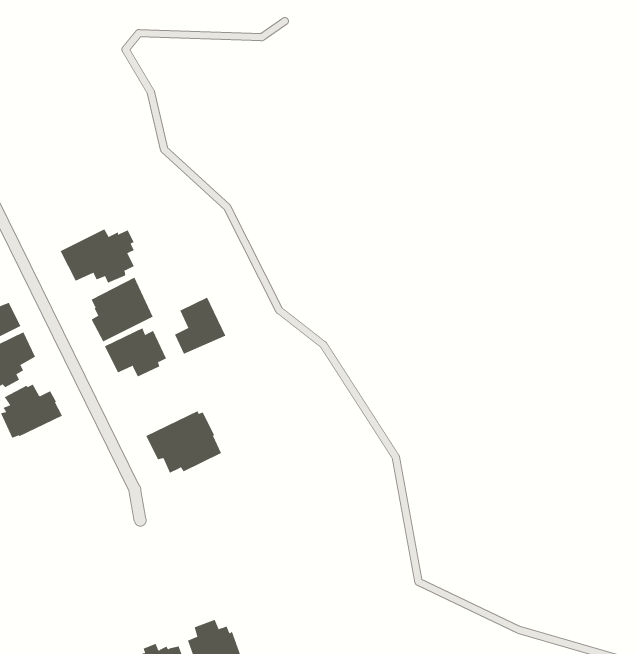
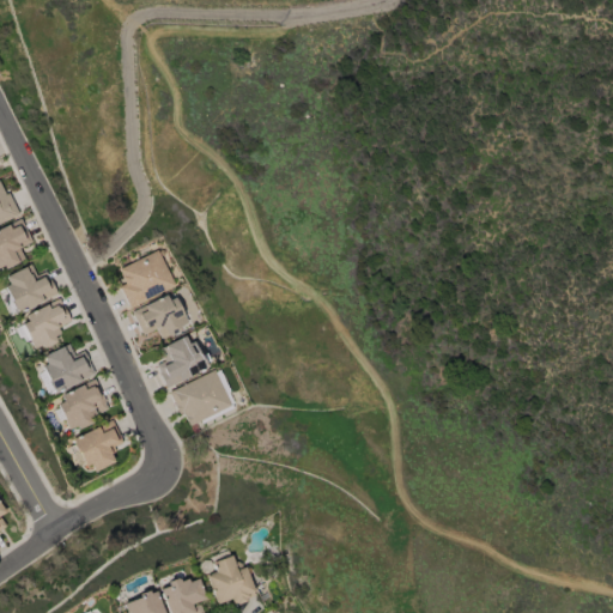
building: [60,229,134,283] -> none
building: [174,297,226,354] -> [160,335,207,387]
building: none -> [55,380,109,431]
building: none -> [71,421,126,473]

